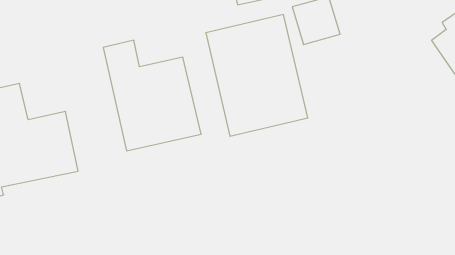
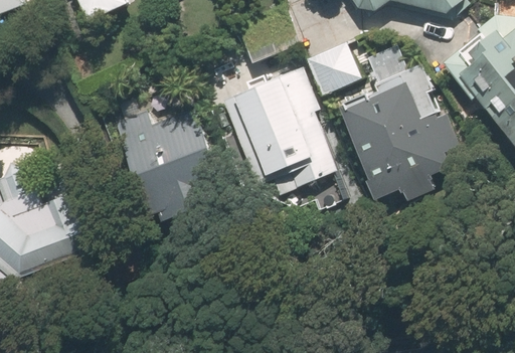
building: none -> [339,76,459,200]

